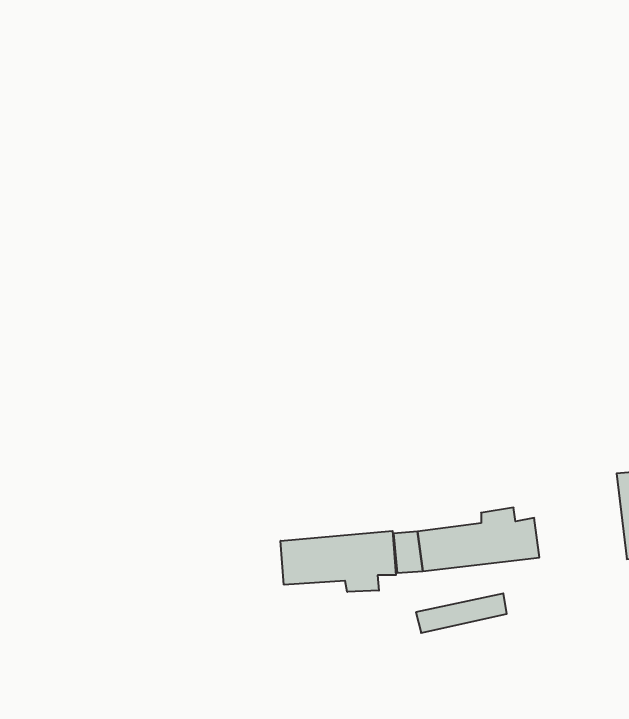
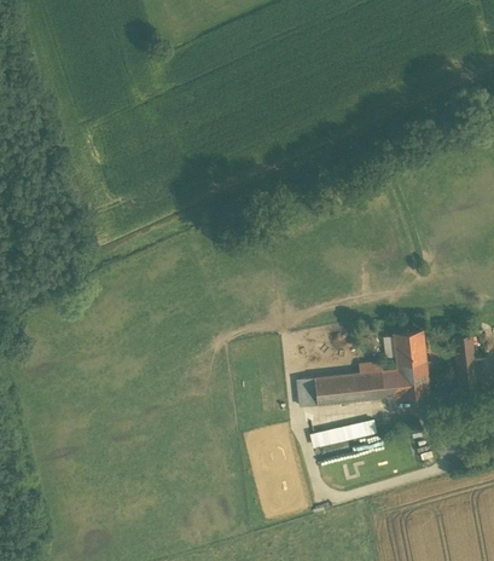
building: none -> [393,330,430,397]
building: [281,531,396,592] -> none

